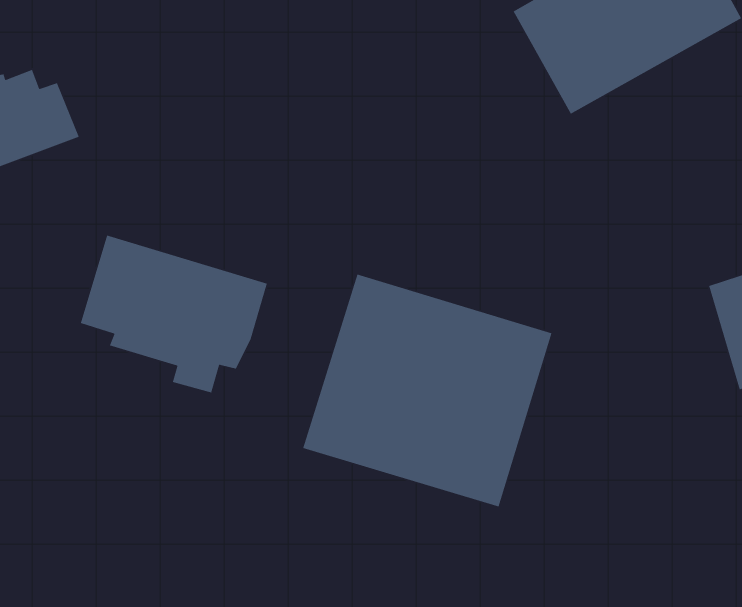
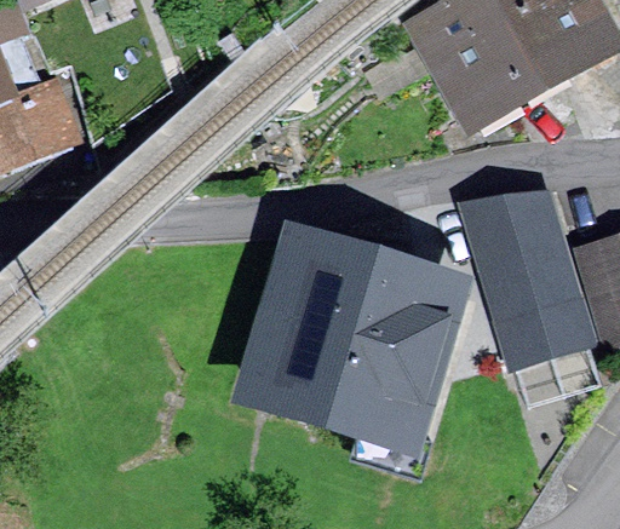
building: none -> [466,199,587,363]
building: [80,234,268,393] -> none

